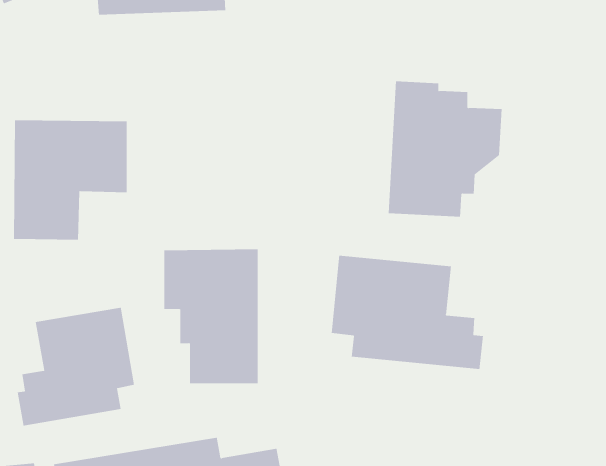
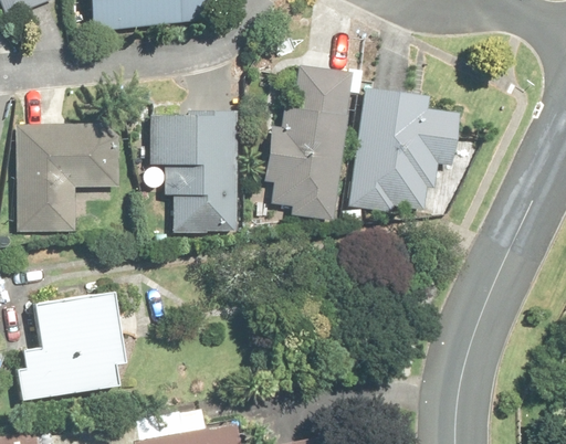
building: none -> [264,65,350,219]
building: [164,249,258,384] -> [149,109,235,232]
building: [331,255,483,370] -> none

